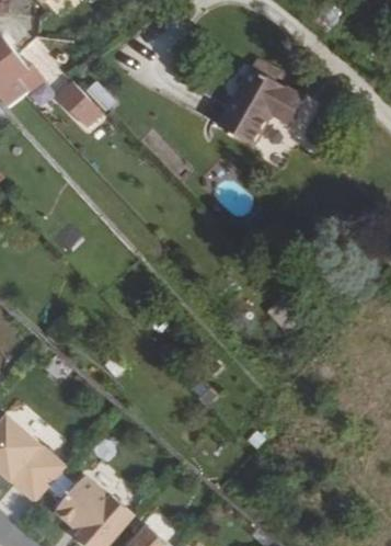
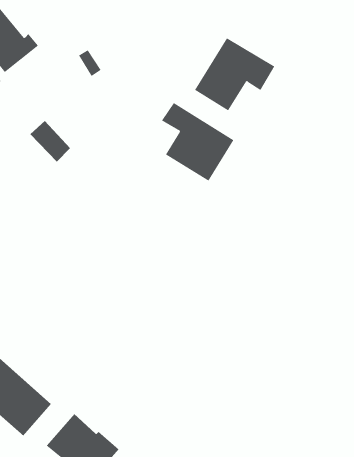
building: [56,81,101,127] -> [30,120,71,162]
building: none -> [161,102,234,181]

